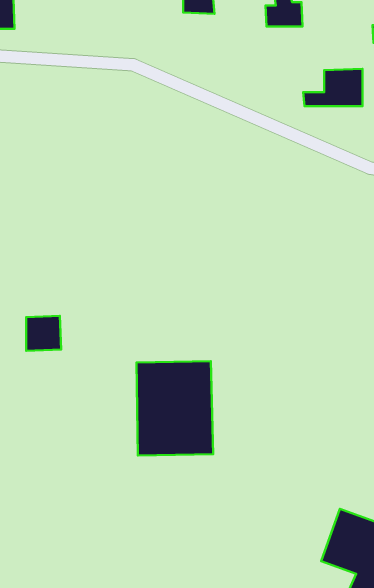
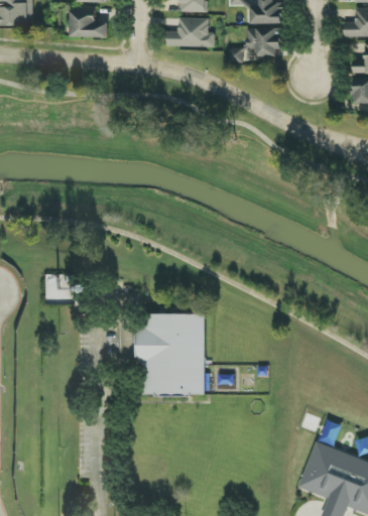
building: none -> [70,6,108,37]
building: none -> [166,17,214,47]
building: [303,69,363,106] -> [228,27,279,59]

